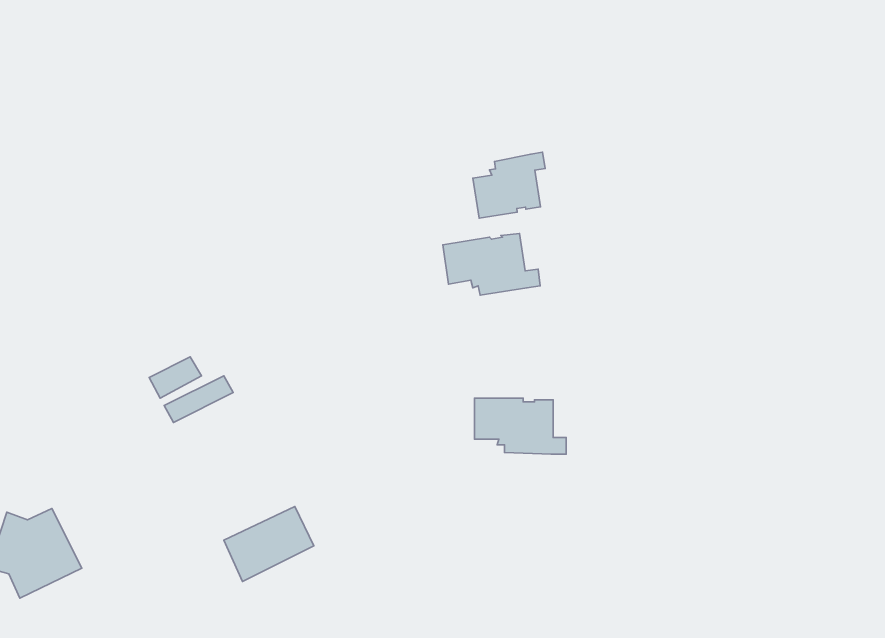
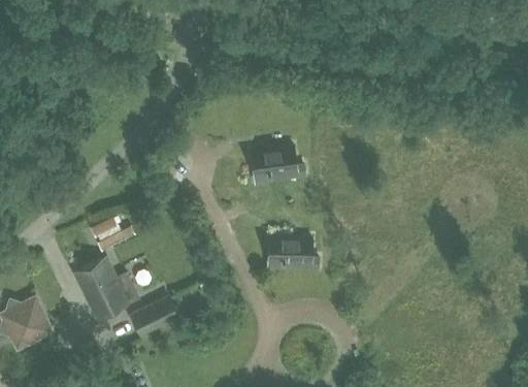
building: [473,152,545,218] -> none
building: none -> [75,260,138,319]

